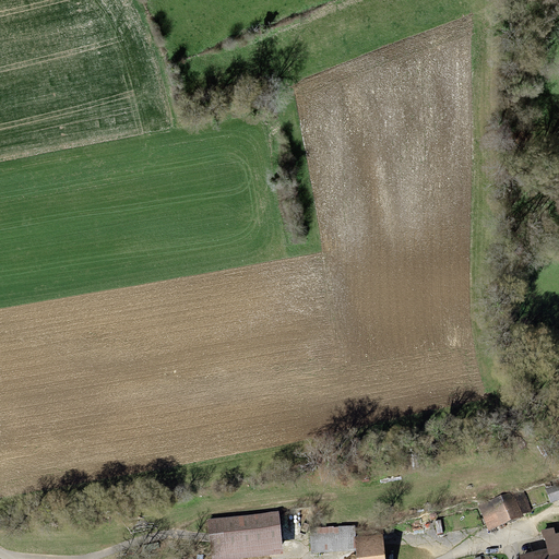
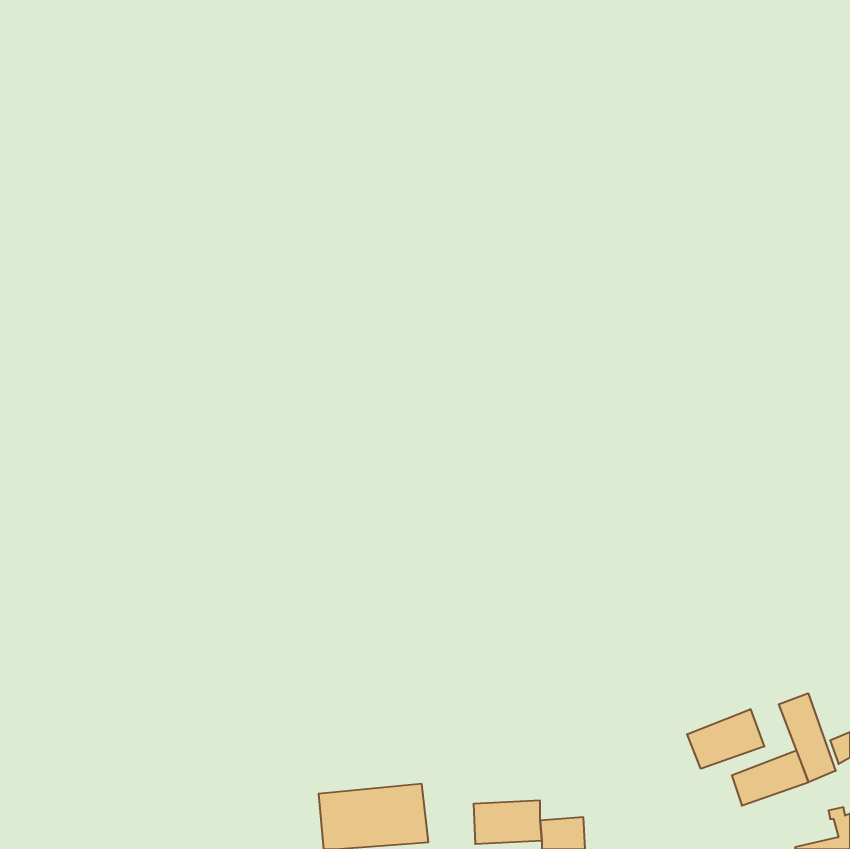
building: none -> [779,693,836,782]
building: none -> [687,709,764,769]

